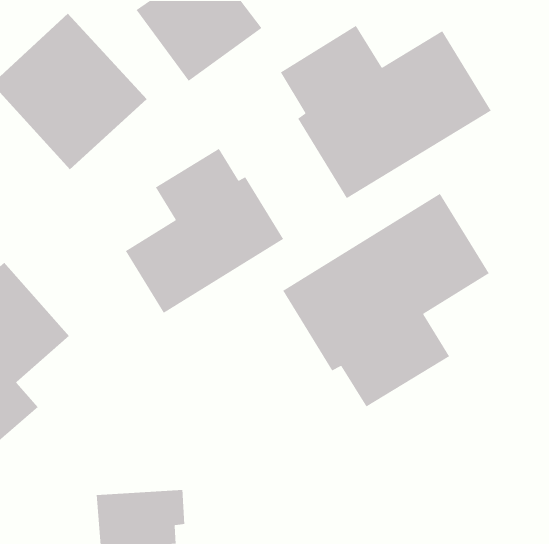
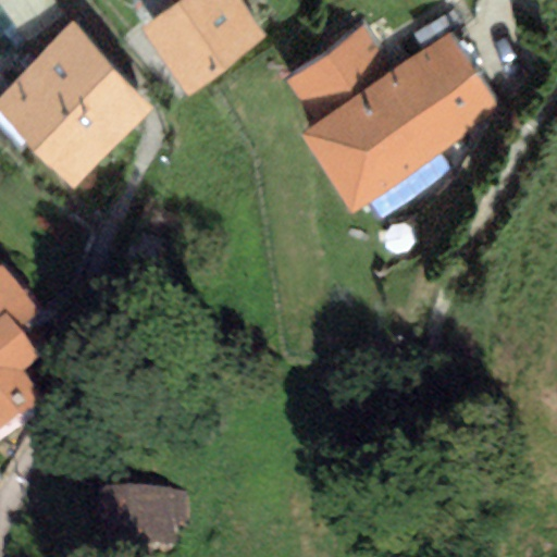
building: [125,148,284,314] -> none
building: [282,193,490,407] -> none

